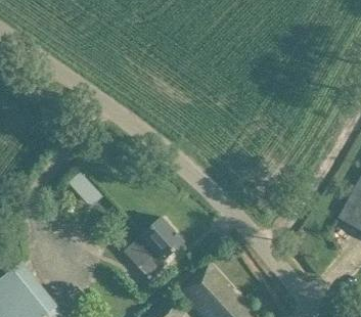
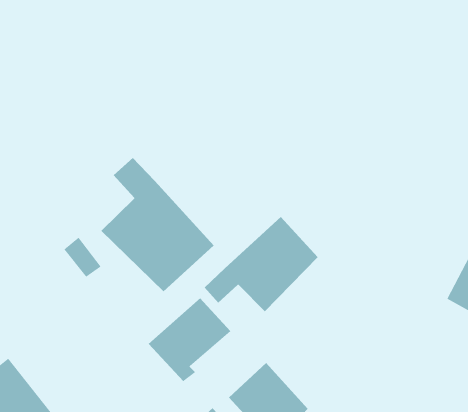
building: none -> [100,157,215,292]
building: none -> [204,216,318,312]

